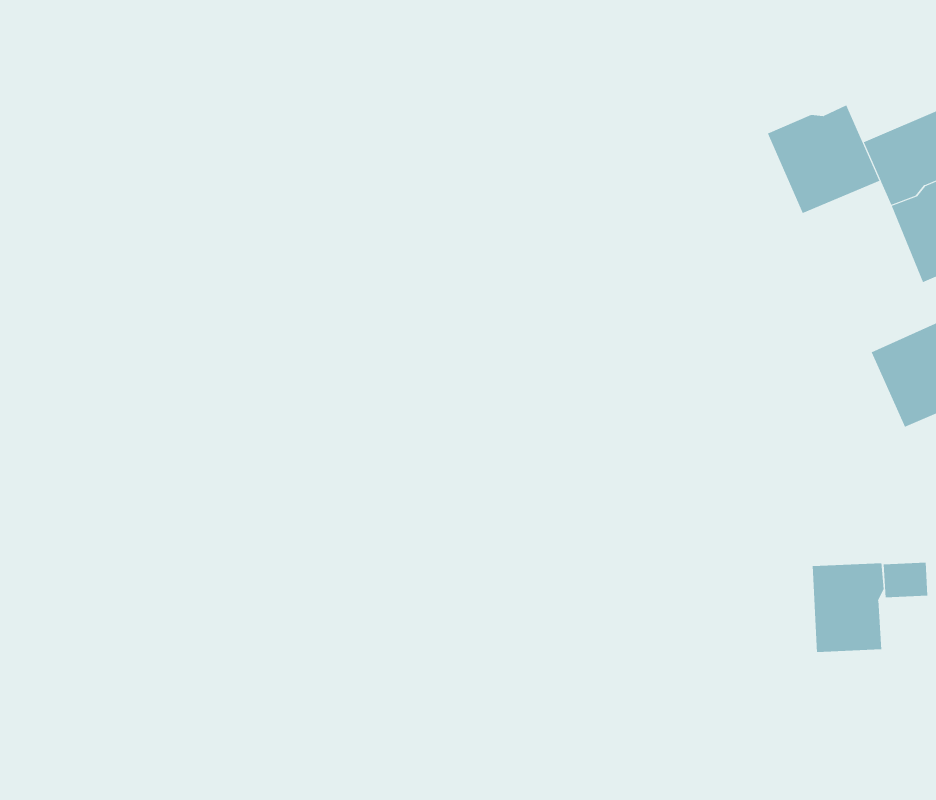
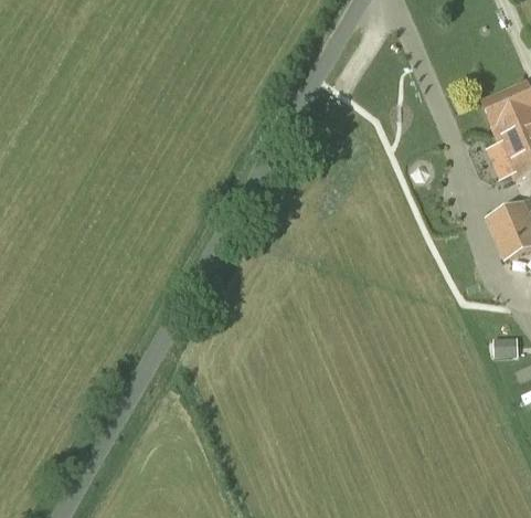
building: [767,105,880,214] -> none
building: [812,562,884,653] -> none

